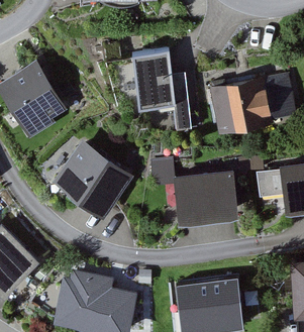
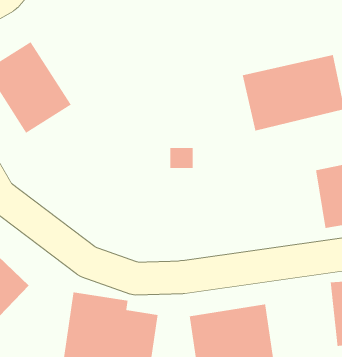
building: [126,48,185,129] -> none
building: [55,140,133,215] -> none
building: [179,162,246,223] -> none

